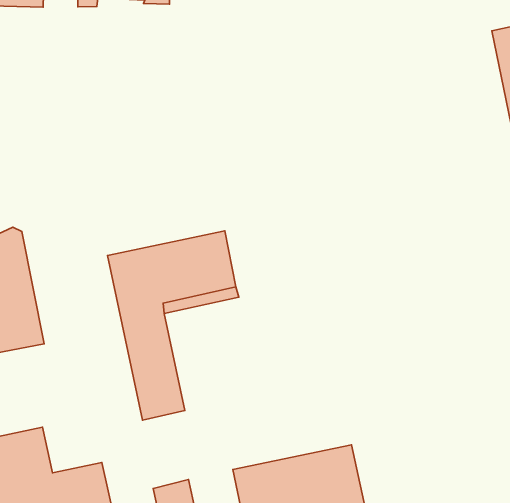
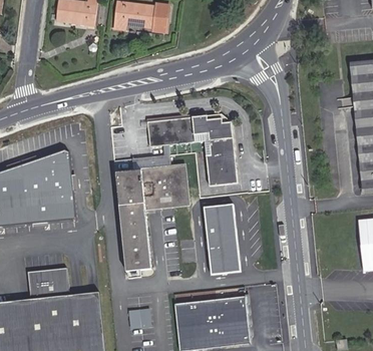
building: none -> [146,115,237,188]
building: none -> [202,204,240,275]

